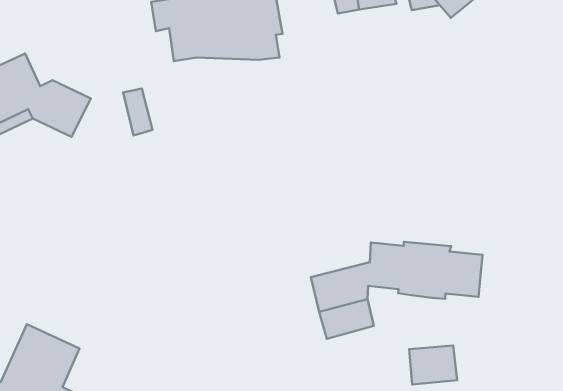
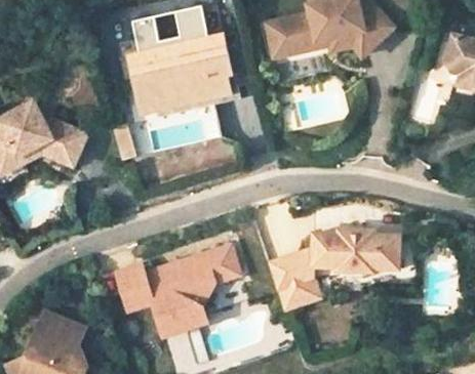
building: none -> [133,76,214,114]
building: none -> [115,241,238,332]
building: [409,345,457,384] -> none

